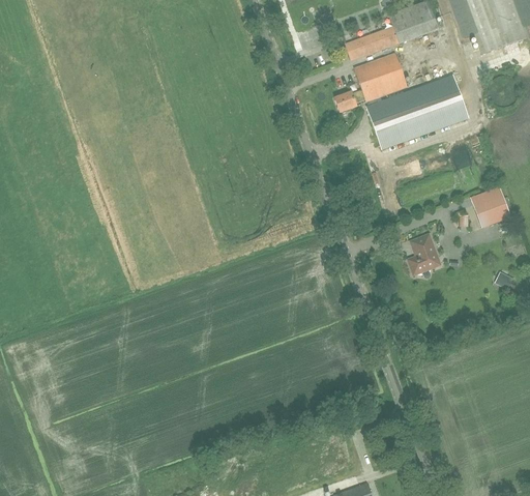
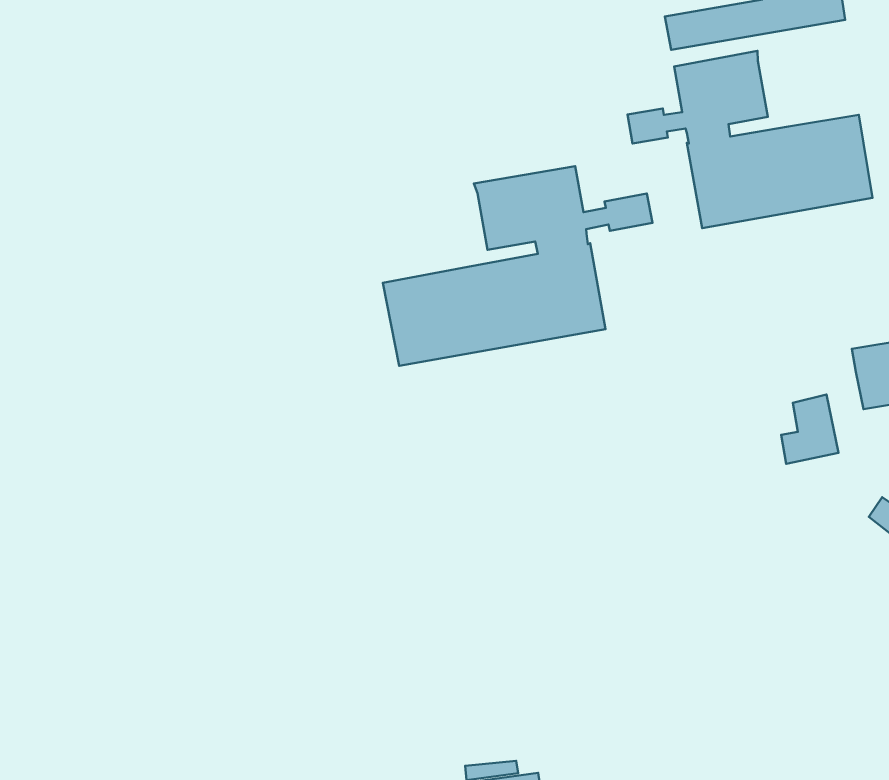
building: none -> [383,166,652,366]
building: [409,234,440,273] -> [781,395,838,464]

